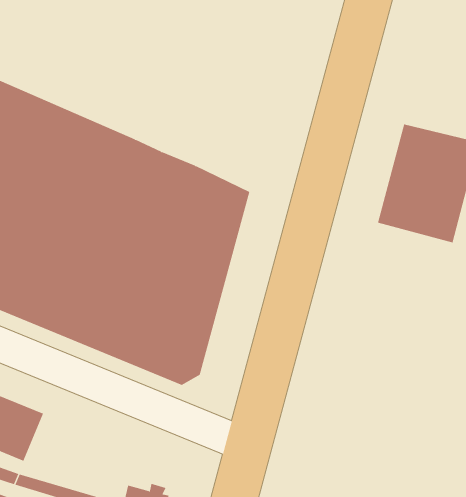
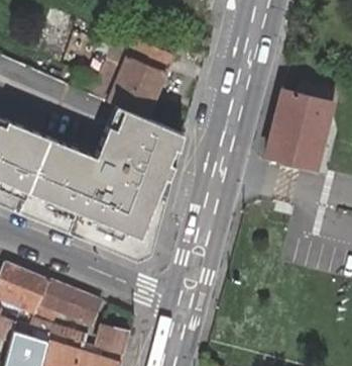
building: none -> [107,38,171,117]
building: none -> [34,279,100,324]

